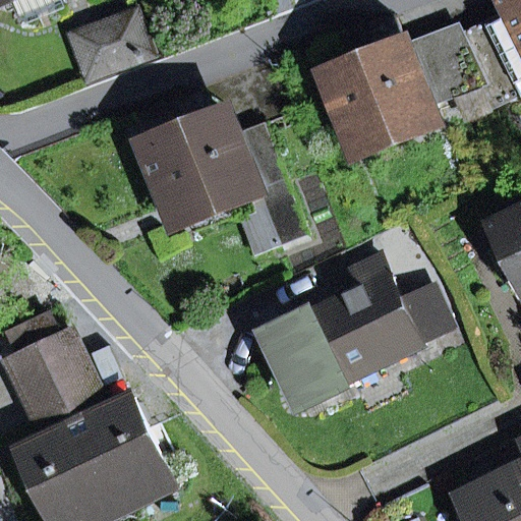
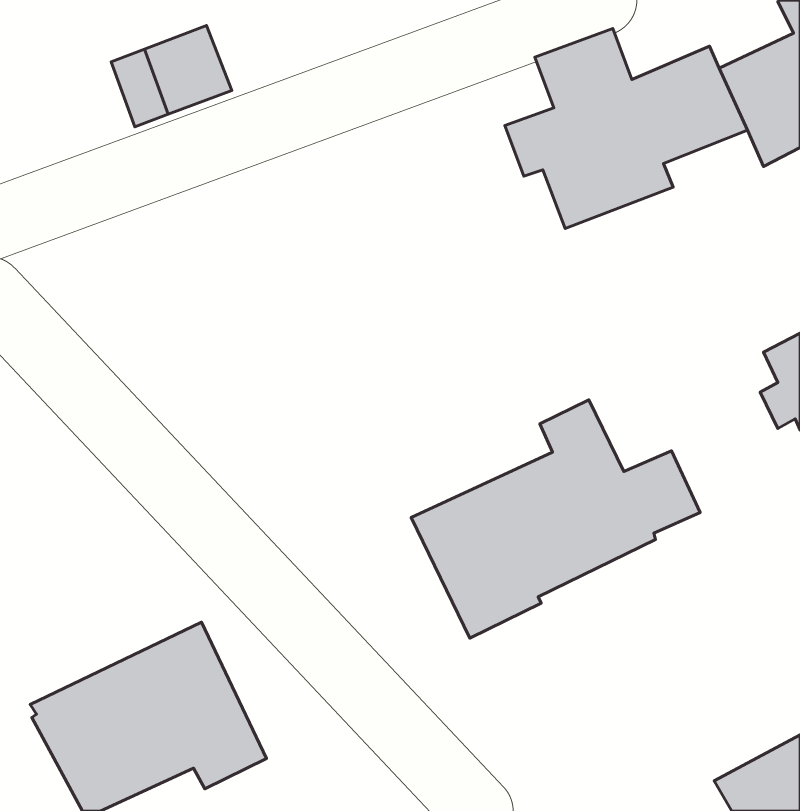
building: [141,118,304,252] -> none
building: [7,333,96,420] -> none

